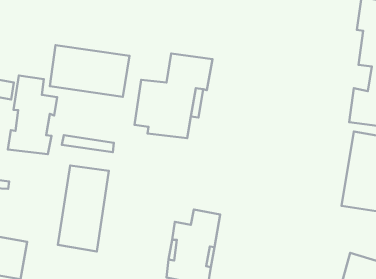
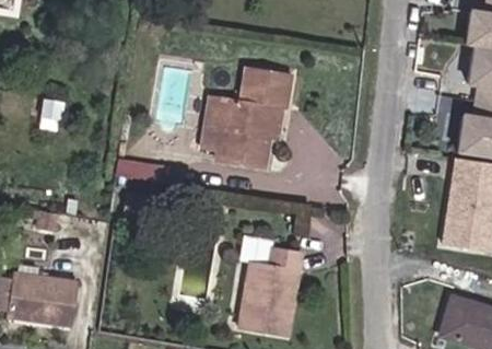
building: [50,45,129,97] -> none
building: [8,76,57,154] -> none
building: [58,165,109,252] -> none

